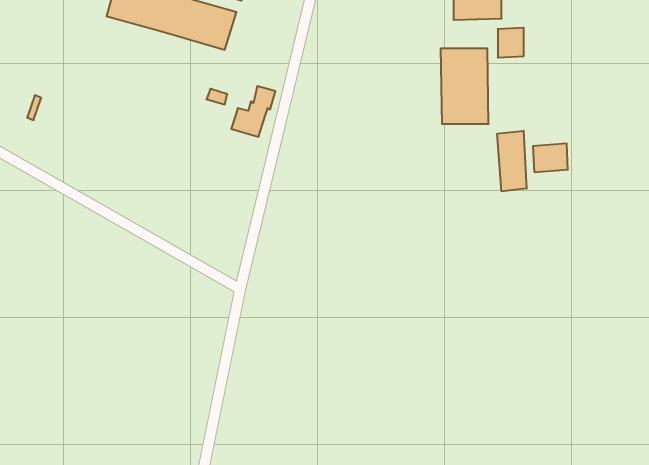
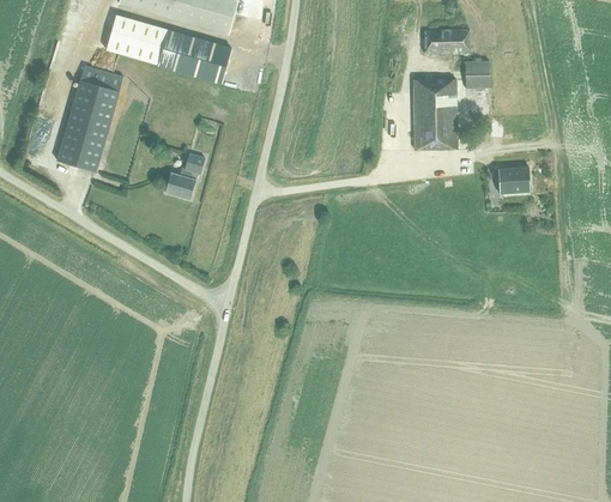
building: none -> [55,65,122,171]
building: [231,86,275,137] -> [164,152,205,199]
building: [497,131,527,191] -> none

